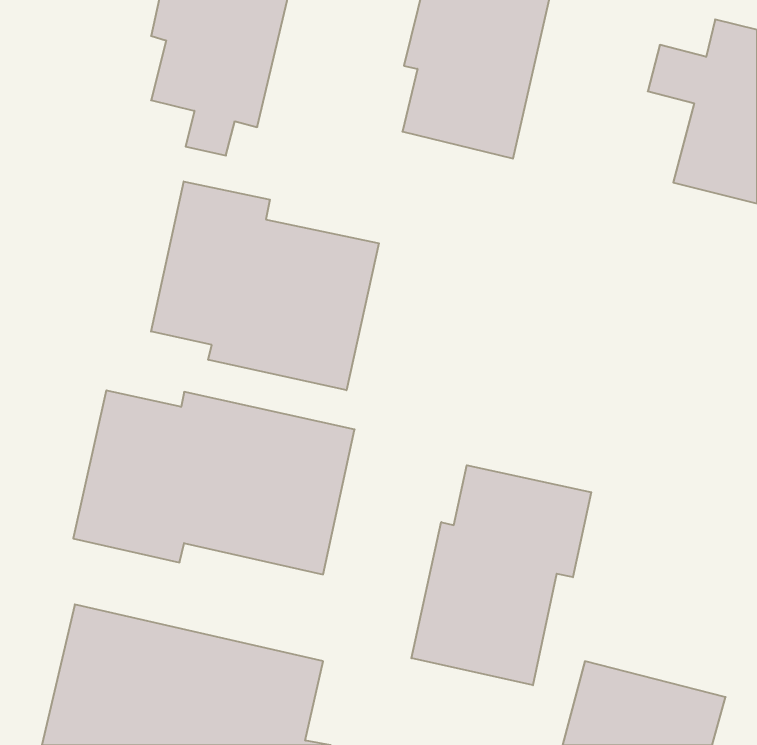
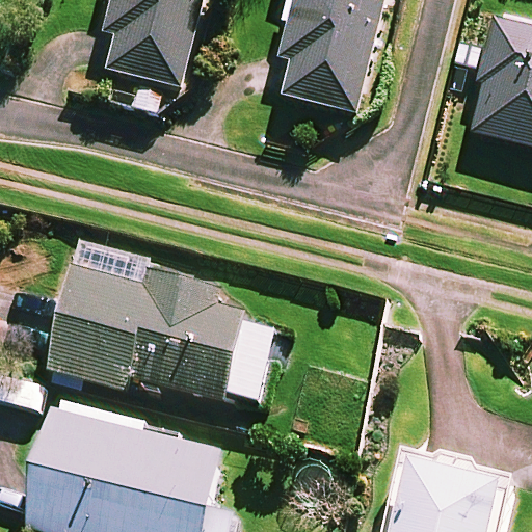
building: [151,181,379,390] -> none
building: [411,465,591,685] -> none

